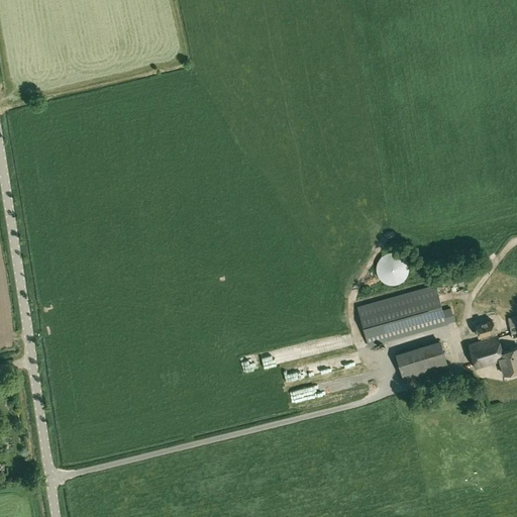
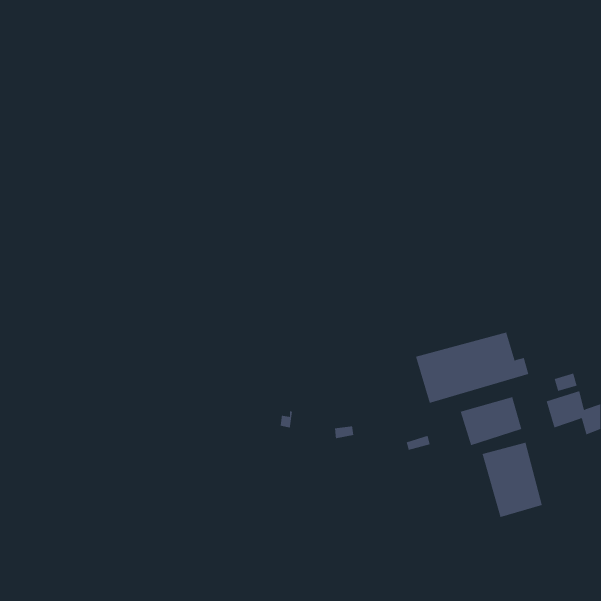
building: [377,252,408,285] -> none
building: none -> [482,442,542,518]

